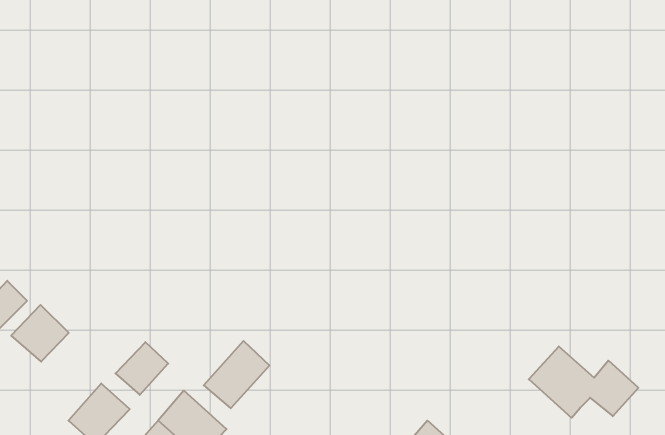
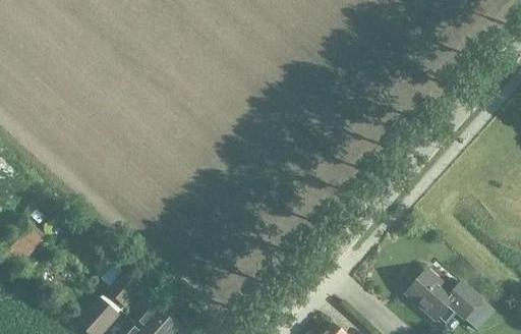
building: [11,305,69,362] -> none
building: [204,341,269,408] -> none

